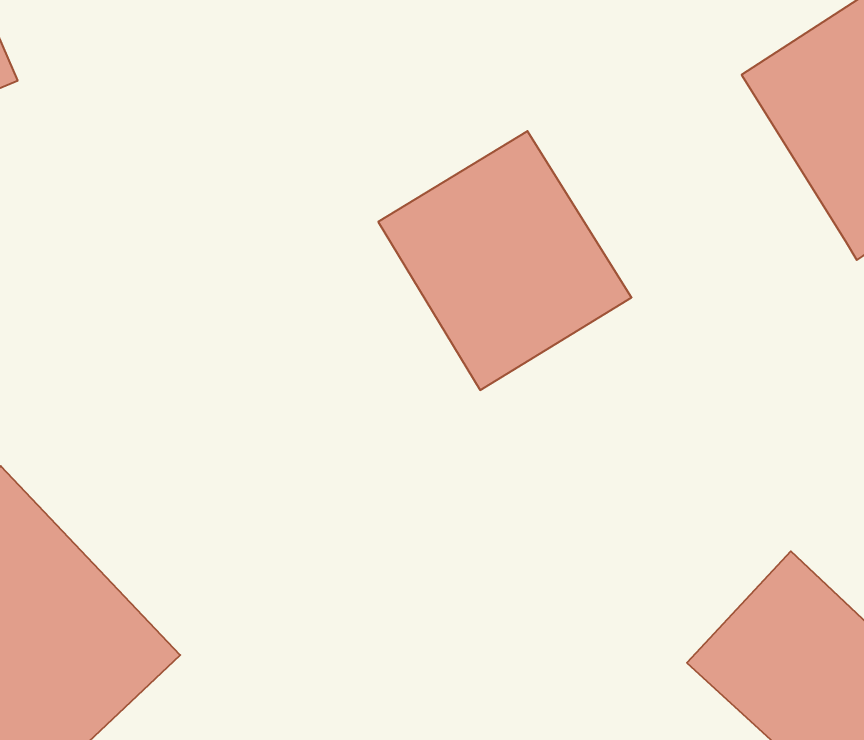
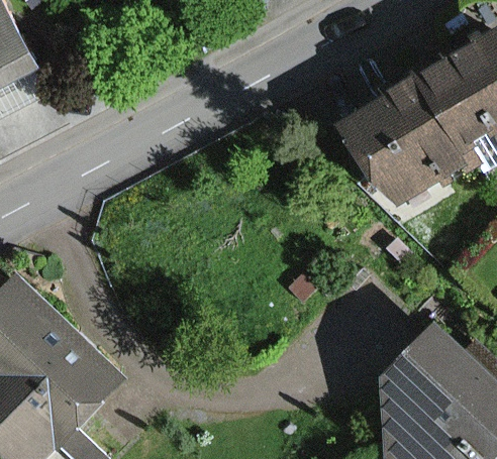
building: [378,131,632,390] -> [335,72,471,210]

